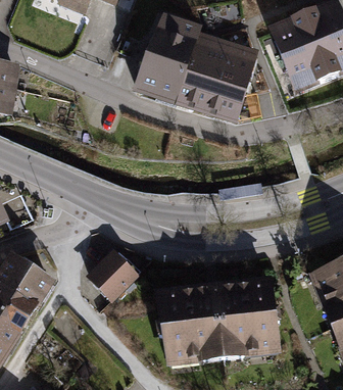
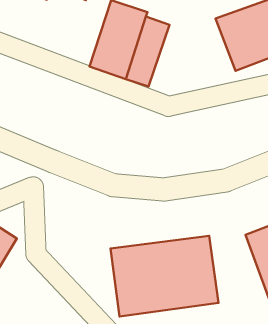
building: [201,38,257,118] -> none
building: [88,248,140,299] -> none

